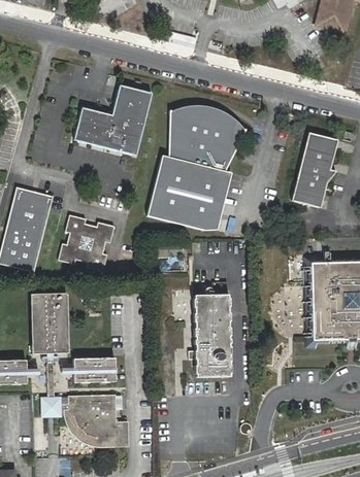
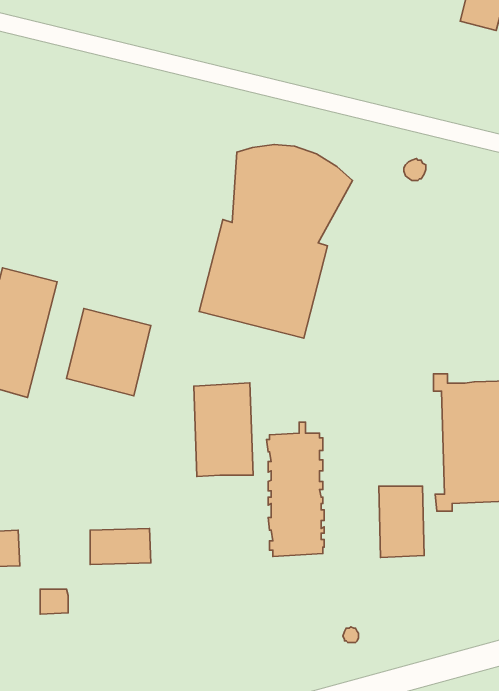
building: [73,84,150,154] -> none
building: [293,133,339,208] -> none
building: [30,293,69,354] -> [194,383,253,477]
building: none -> [379,486,424,557]
building: [67,393,123,446] -> none

